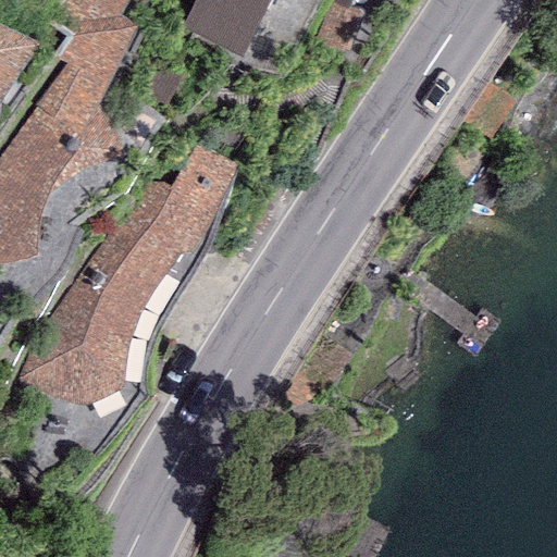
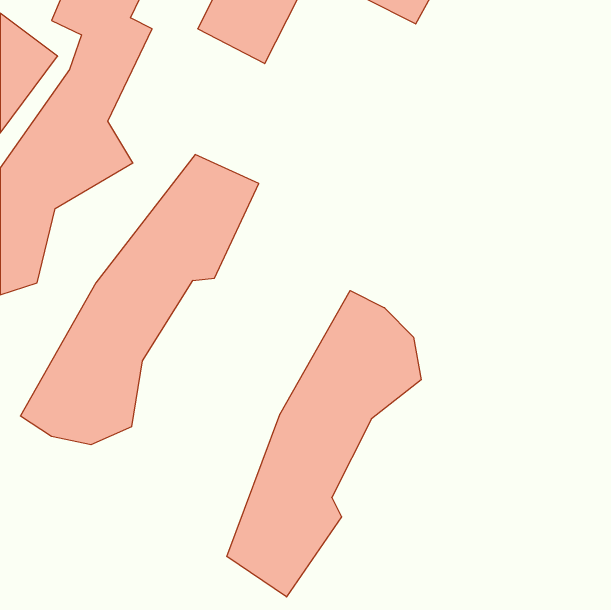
building: none -> [227,291,421,597]

